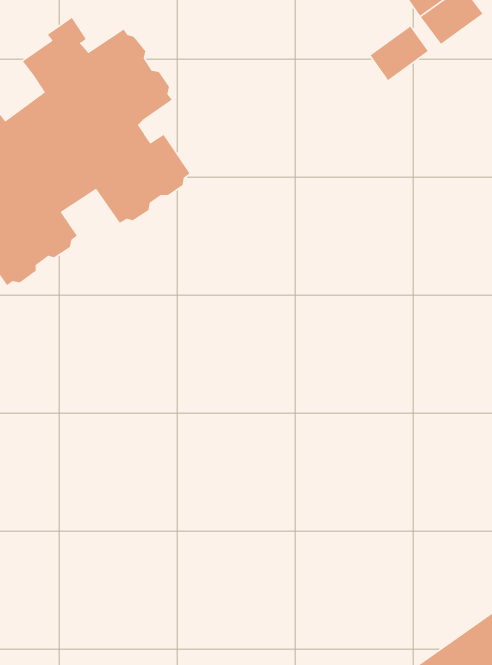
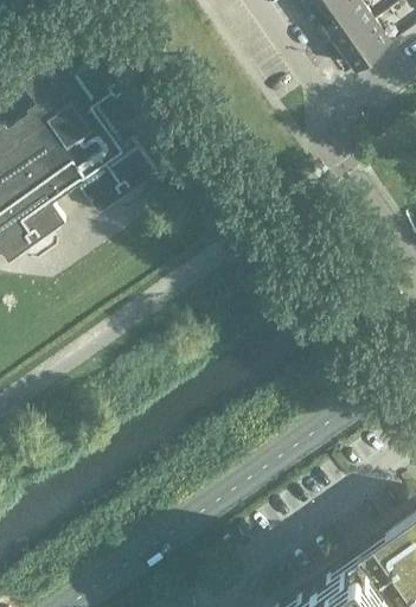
building: [369,25,429,81] -> none

